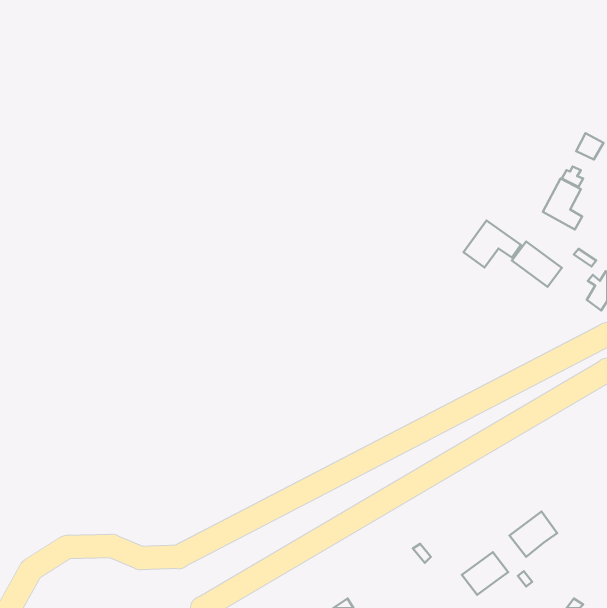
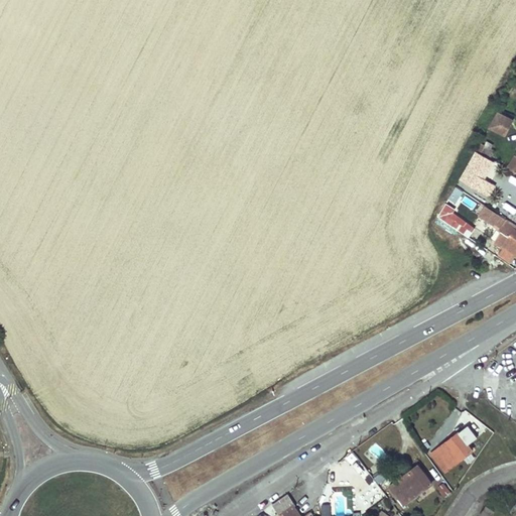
building: [463,220,521,268] -> none

